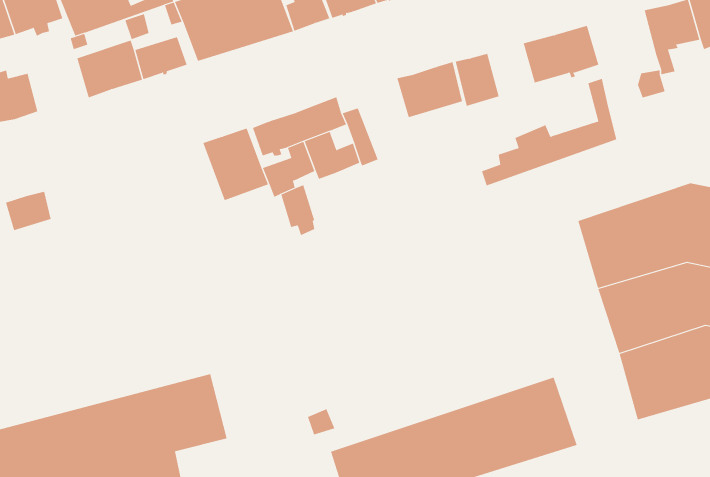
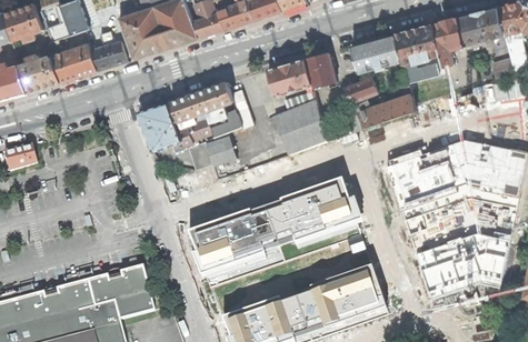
building: none -> [395,24,440,89]
building: none -> [20,56,60,92]
building: none -> [343,78,378,103]
building: none -> [275,100,327,154]
building: none -> [205,133,236,167]
building: none -> [189,181,360,289]

